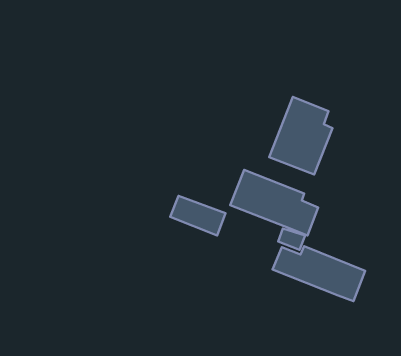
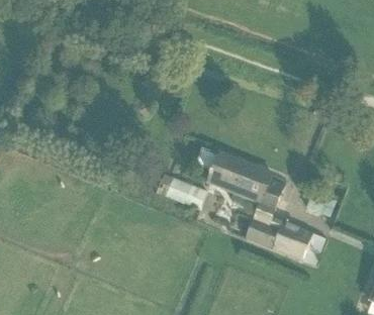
building: [269,97,333,175] -> none

